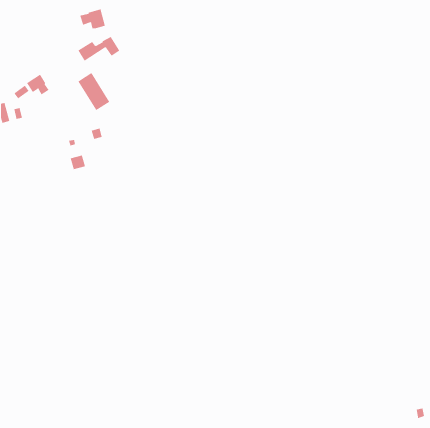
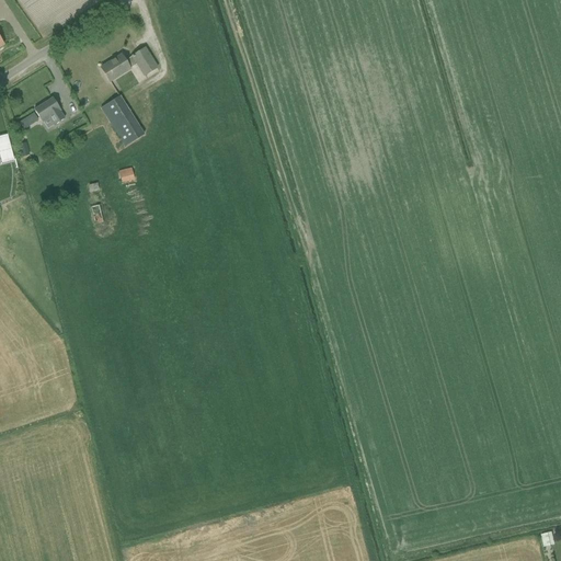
building: [80,8,106,29] -> none

